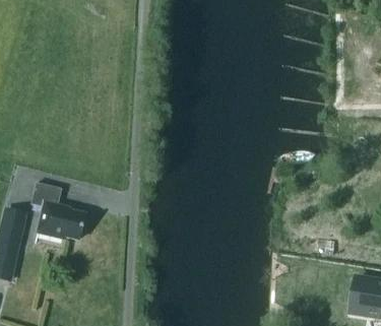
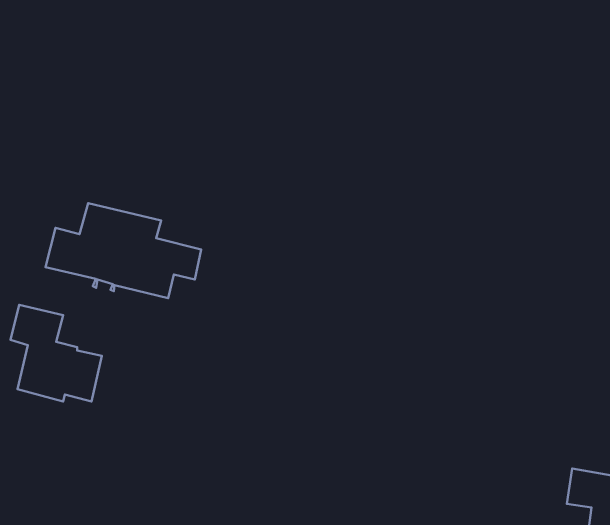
building: none -> [45,203,201,298]

